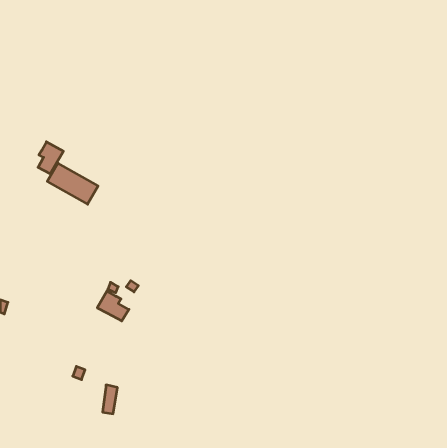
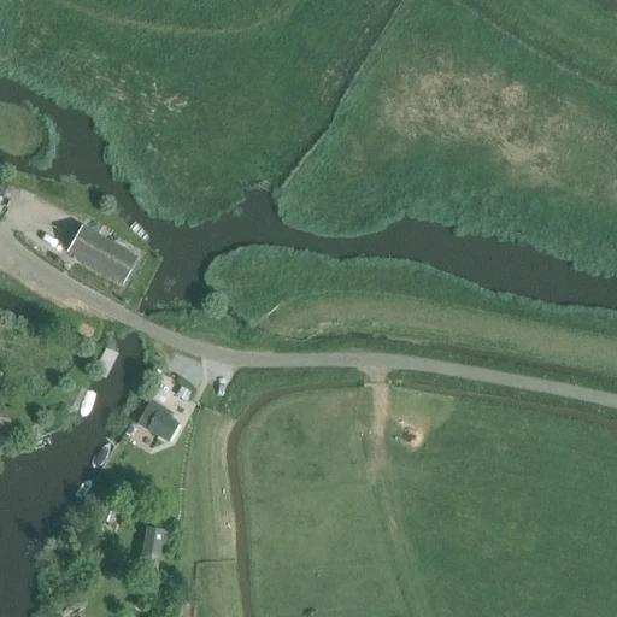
building: [38,142,63,174] -> none

